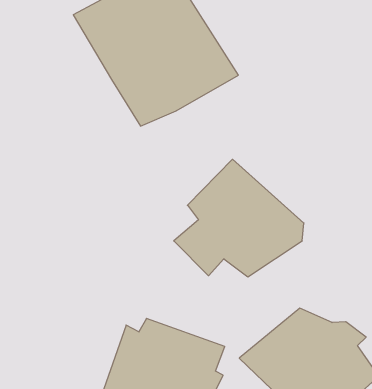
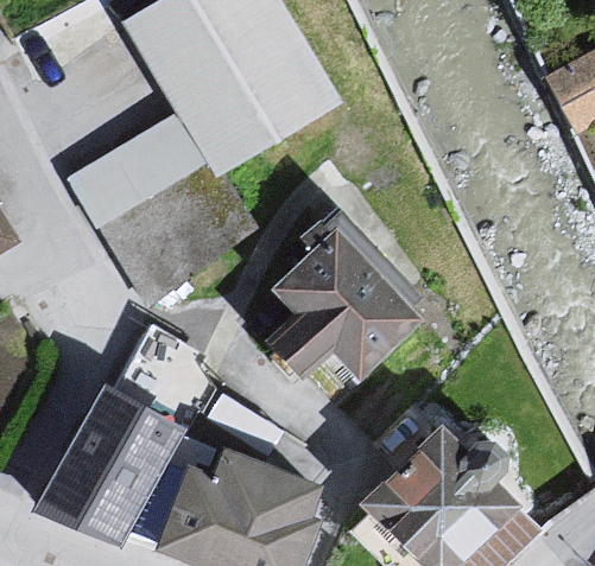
building: none -> [55,113,254,304]
building: none -> [26,324,186,538]

